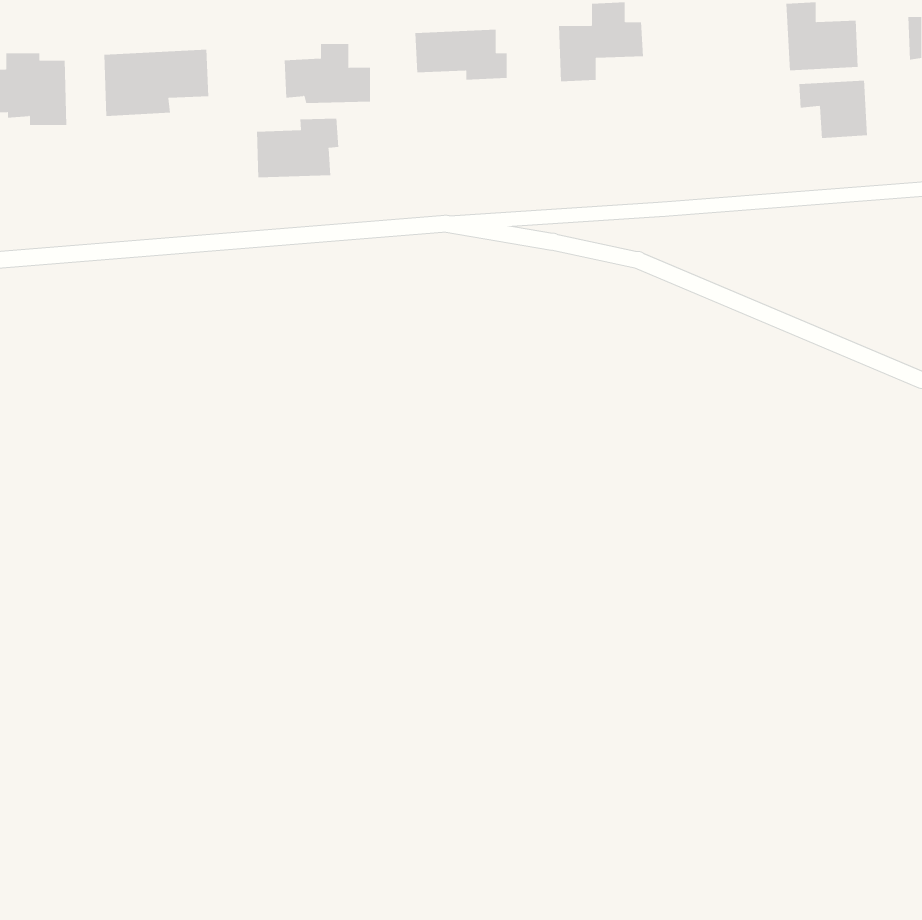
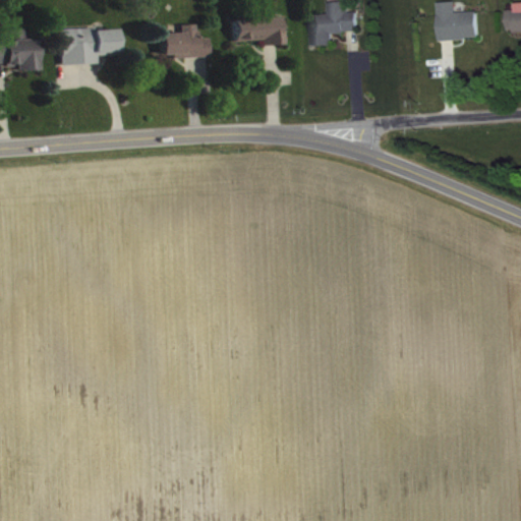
building: [799,80,867,139] -> none
building: [257,118,339,178] -> none

